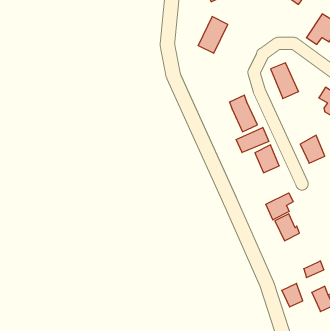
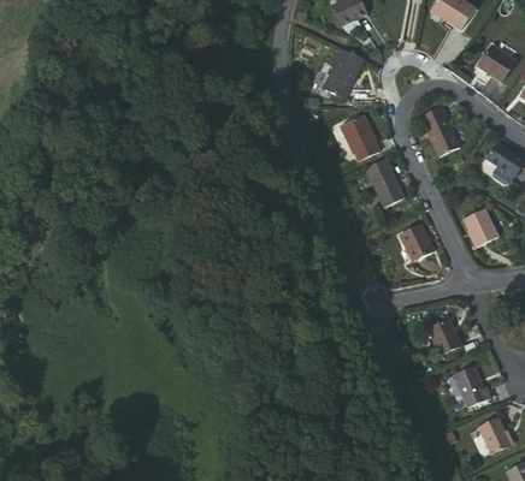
building: none -> [337,111,378,160]
building: [236,127,269,153] -> none
building: [266,193,293,220] -> none
building: [282,283,303,307] -> [456,361,485,393]

